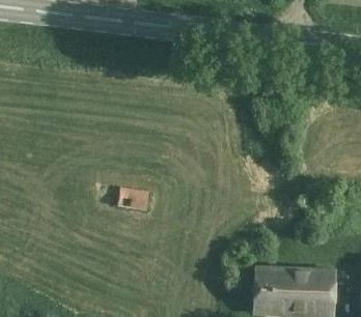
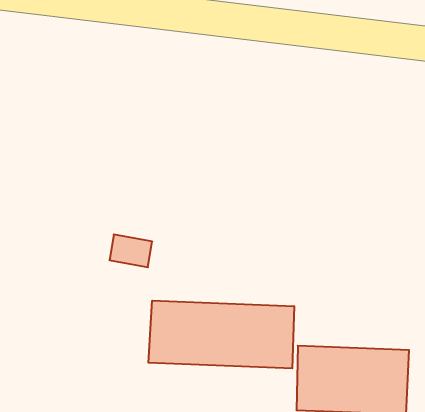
building: none -> [148,301,294,368]

